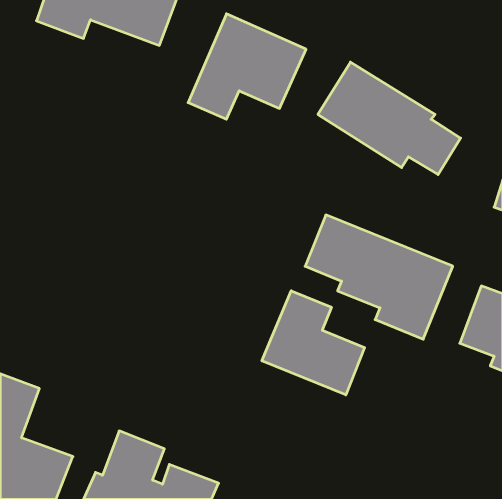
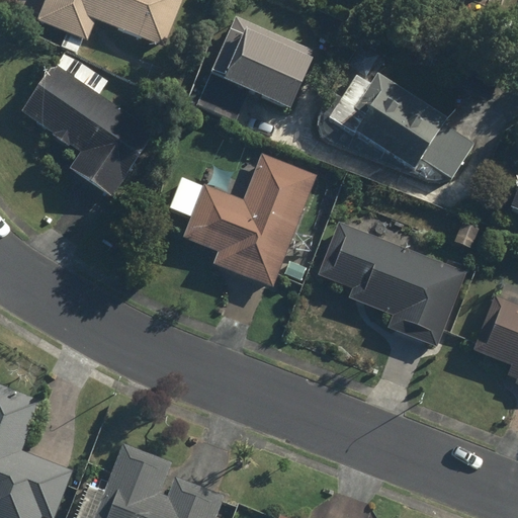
building: none -> [22,51,153,196]
building: none -> [183,156,314,287]
building: [262,291,365,395] -> none

